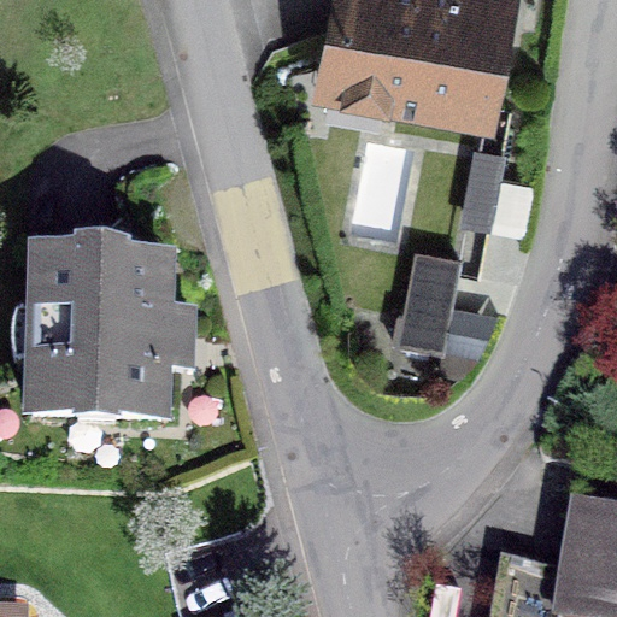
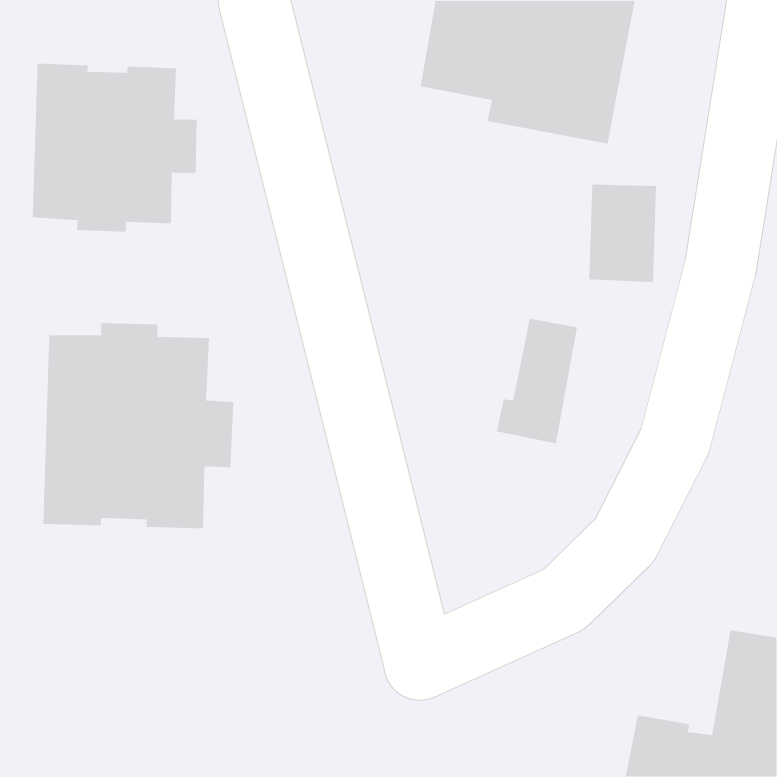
building: none -> [32,63,197,232]

